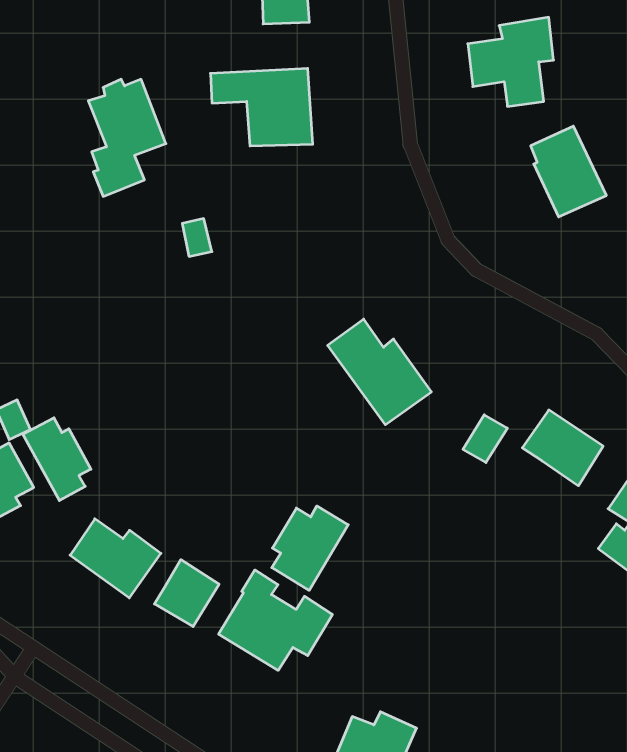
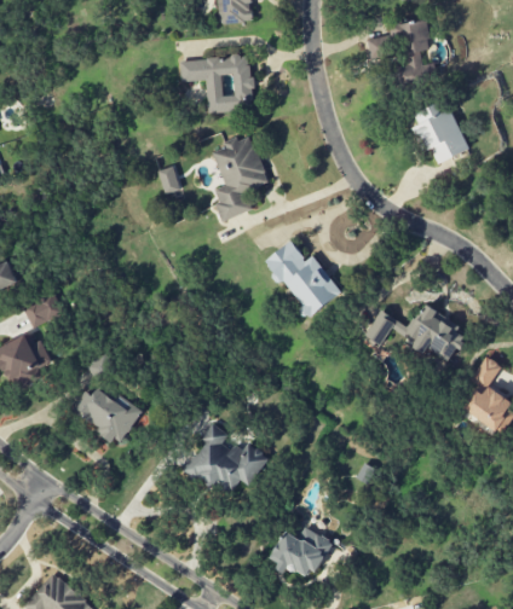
building: [88,79,166,196] -> [212,135,269,221]
building: [23,418,91,501] -> none
building: [272,506,348,590] -> none
building: [154,560,219,627] -> none

